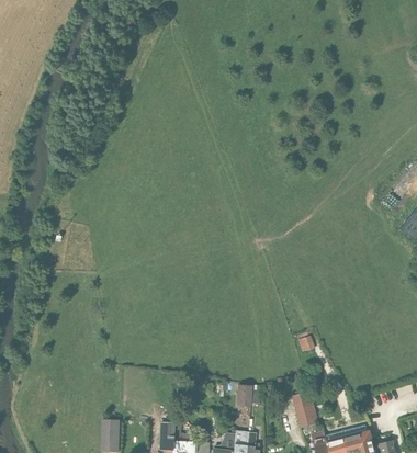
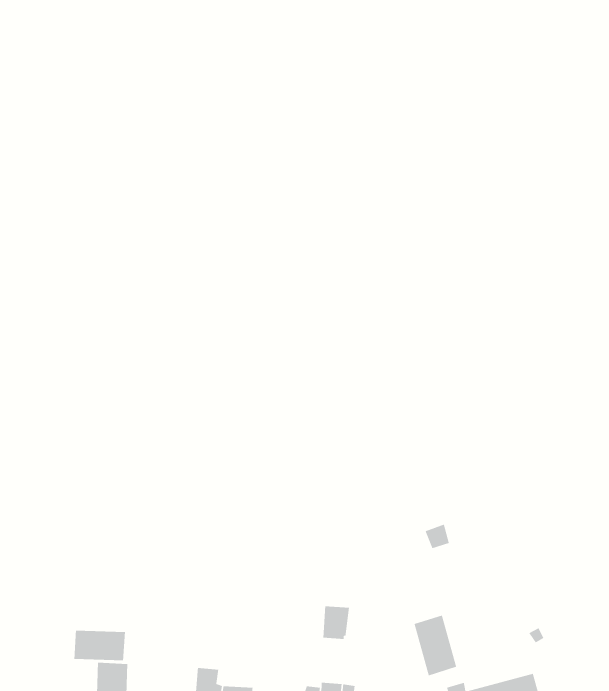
building: none -> [73,630,126,661]

